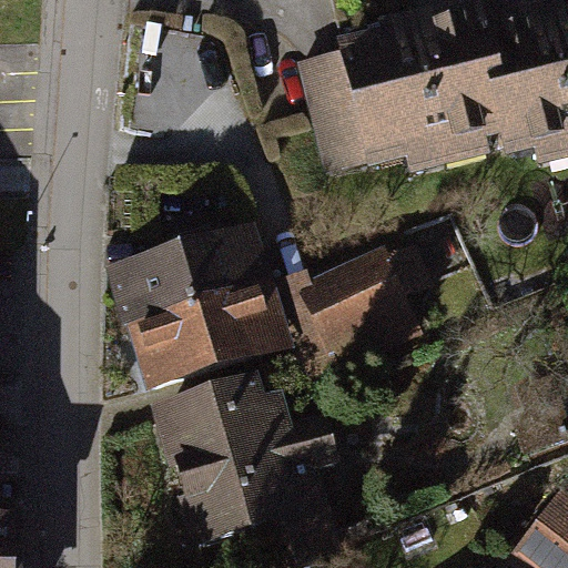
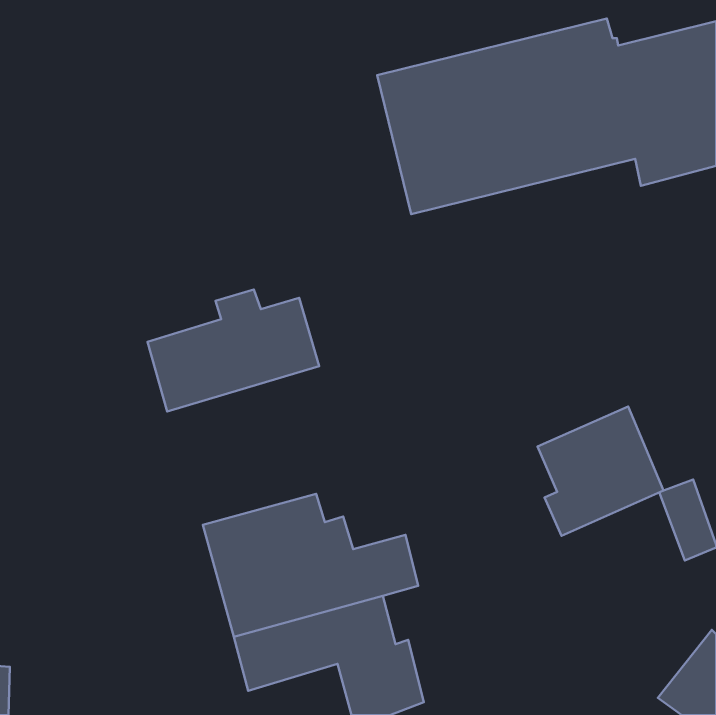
building: [308,257,407,358] -> [537,407,664,536]
building: [131,286,268,381] -> none

